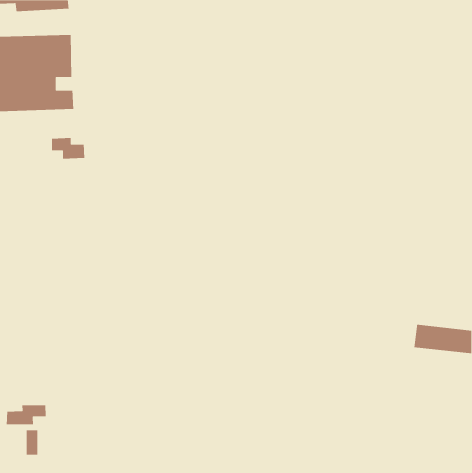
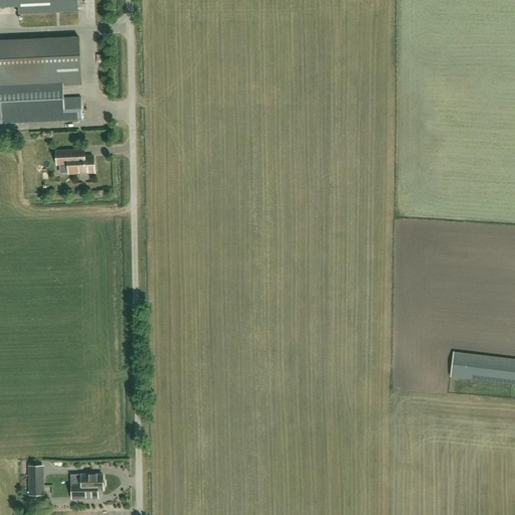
building: [6,405,47,425] -> none
building: none -> [70,474,103,497]

